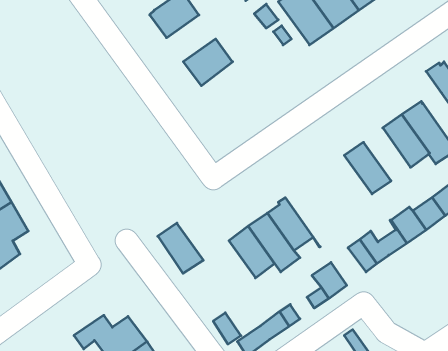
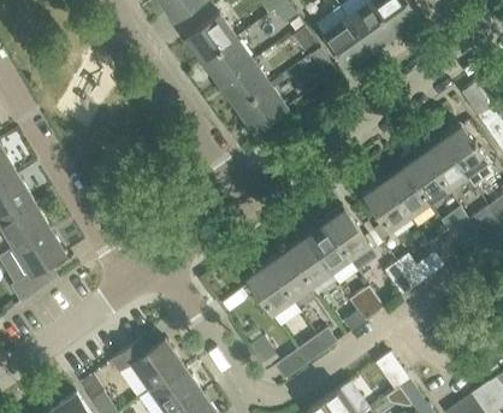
building: none -> [203,39,253,85]
building: none -> [238,85,288,132]
building: none -> [401,152,448,205]
building: none -> [363,179,409,232]
building: none -> [322,207,377,271]
building: [158,223,203,273] -> [247,265,292,315]

